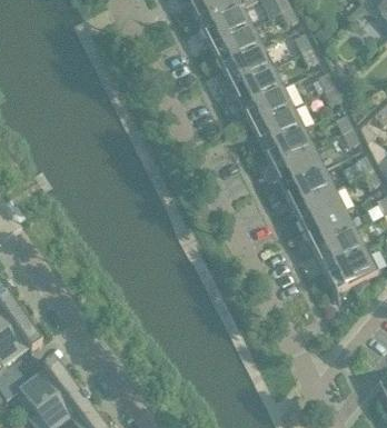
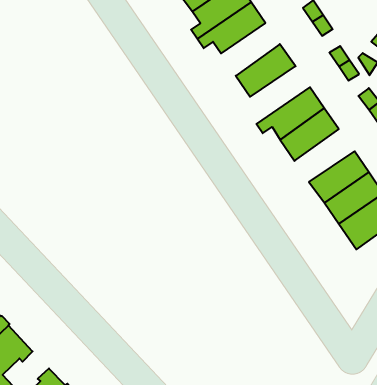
building: [240,86,292,128] -> none
building: [258,127,314,172] -> none
building: [291,187,345,229] -> none

